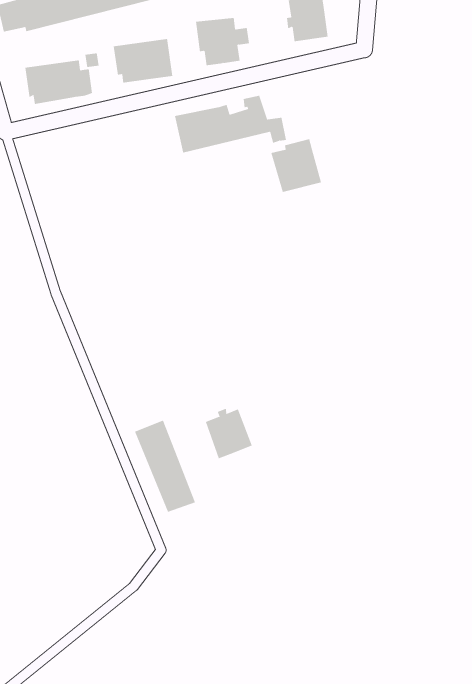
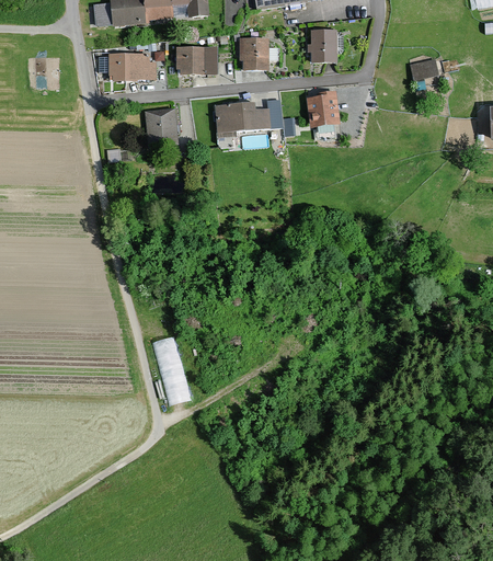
building: none -> [410,57,438,80]
building: none -> [144,105,182,147]
building: [271,138,322,193] -> [305,90,340,127]
building: [205,408,253,459] -> none

